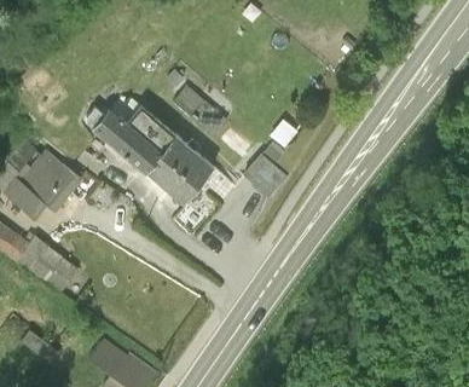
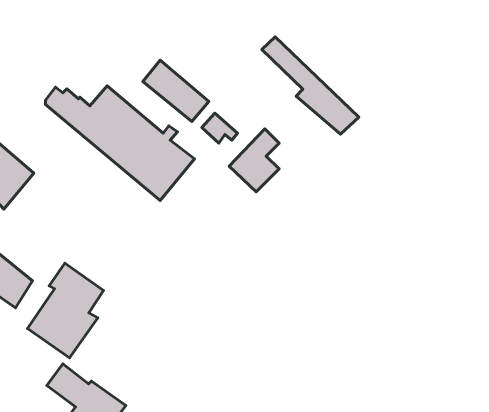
building: none -> [262,37,359,134]
building: none -> [27,263,103,358]

